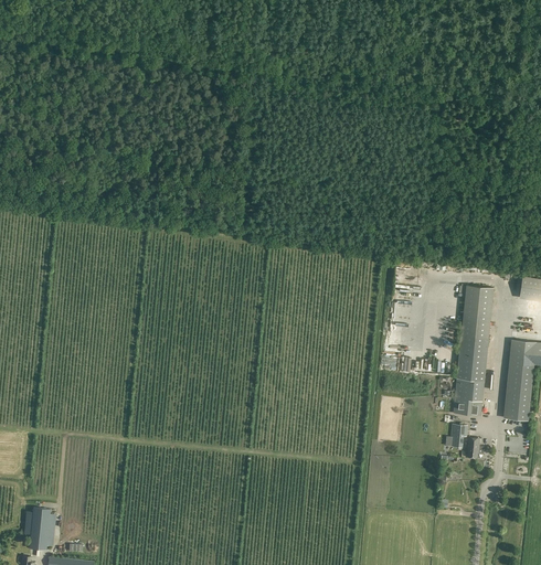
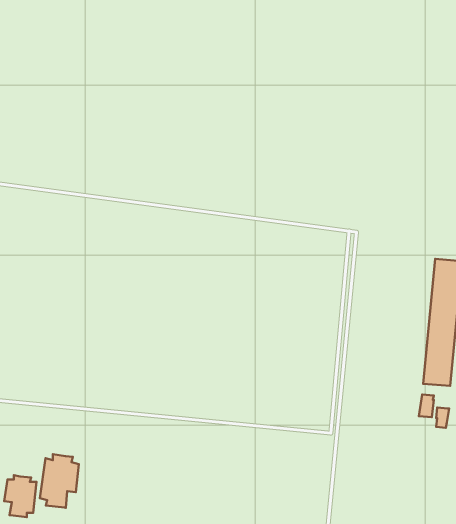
building: none -> [40,454,79,508]

